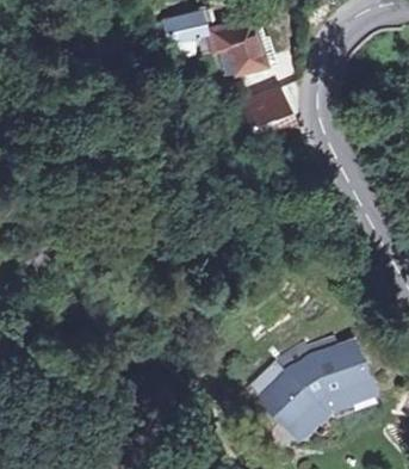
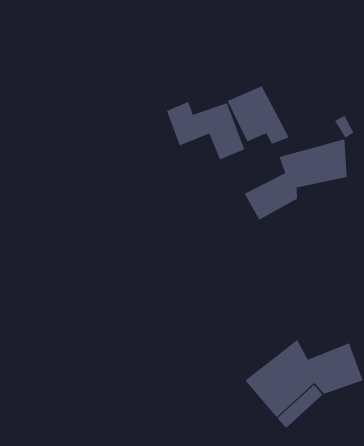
building: [184,14,264,74] -> [166,101,245,160]
building: none -> [244,139,347,220]

